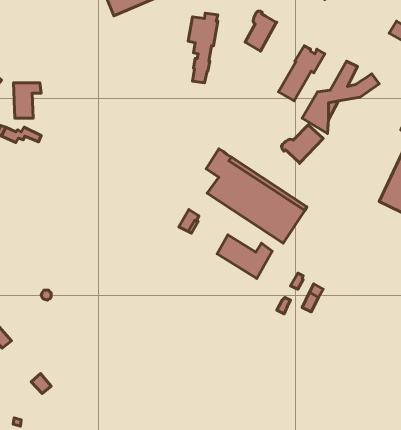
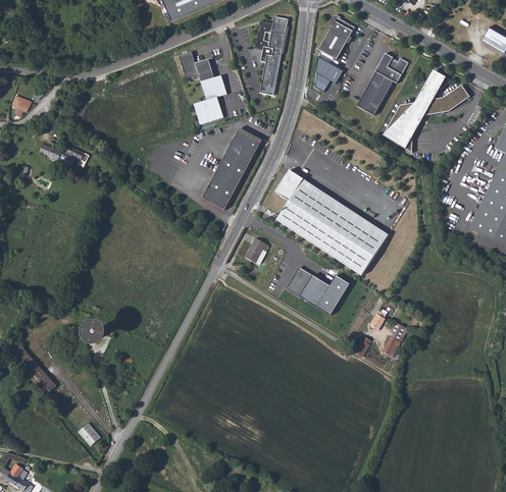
building: none -> [180,52,226,124]
building: none -> [315,56,343,92]
building: [14,83,41,118] -> none
building: none -> [200,128,262,211]
building: [281,125,323,164] -> none

